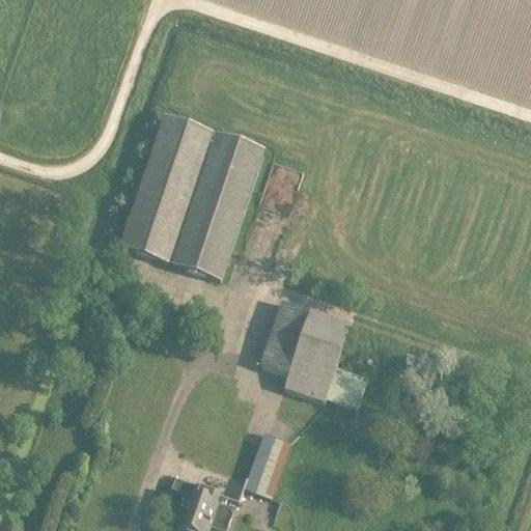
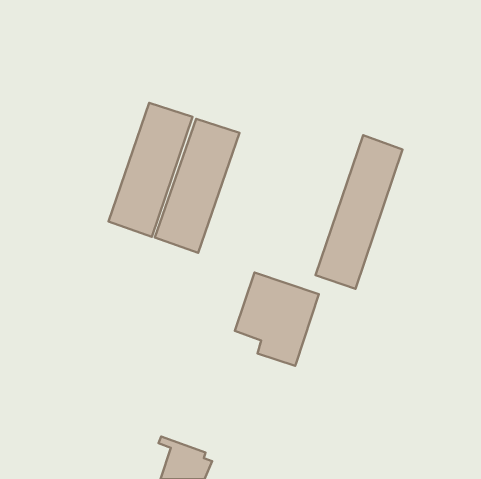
building: none -> [316,135,402,289]
building: [245,431,291,498] -> none

